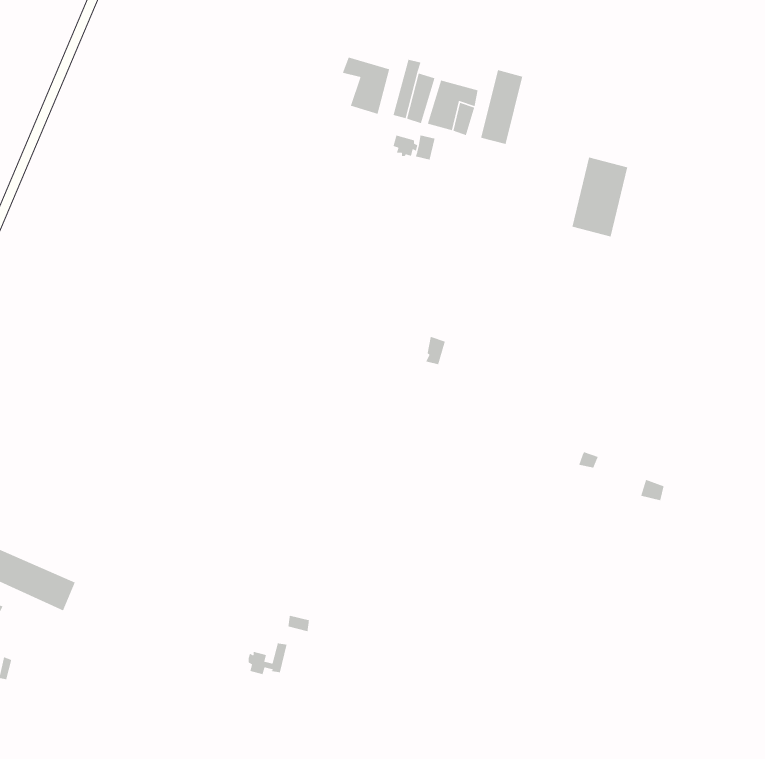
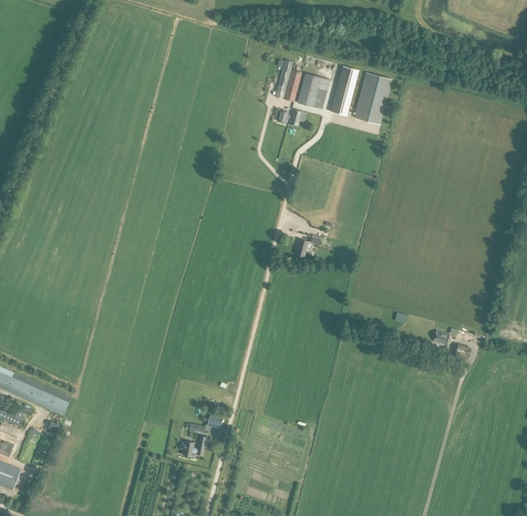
building: [342,57,390,115] -> none
building: [571,157,628,238] -> [353,71,390,123]

